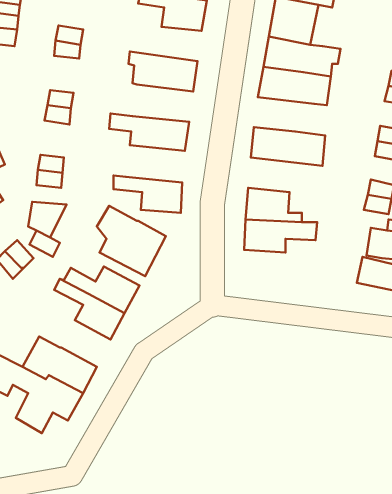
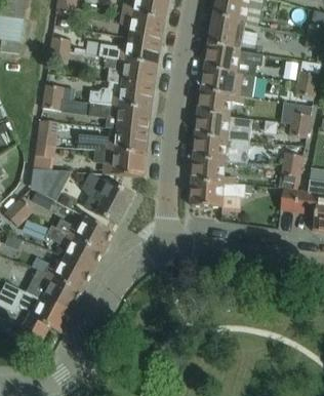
building: none -> [98,38,159,64]
building: none -> [88,81,153,109]
building: none -> [198,90,243,116]
building: none -> [77,126,147,154]
building: none -> [194,135,249,161]
building: none -> [33,256,91,291]

